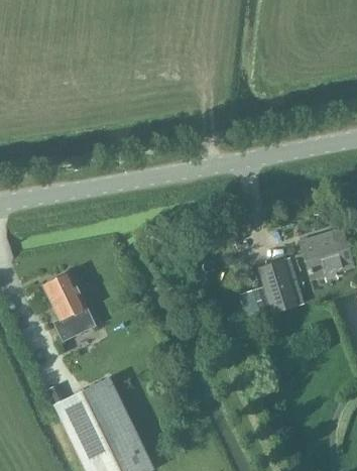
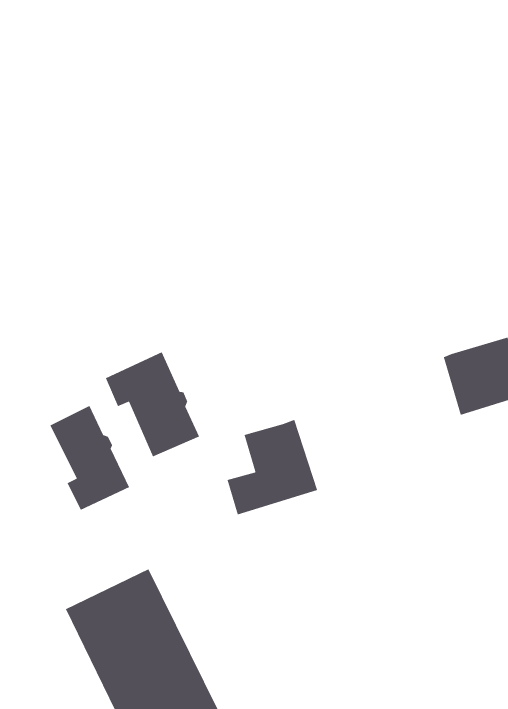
building: none -> [105,351,200,458]
building: [247,255,307,318] -> [226,419,318,515]

